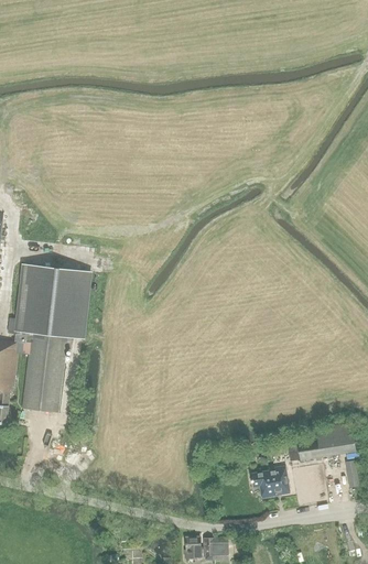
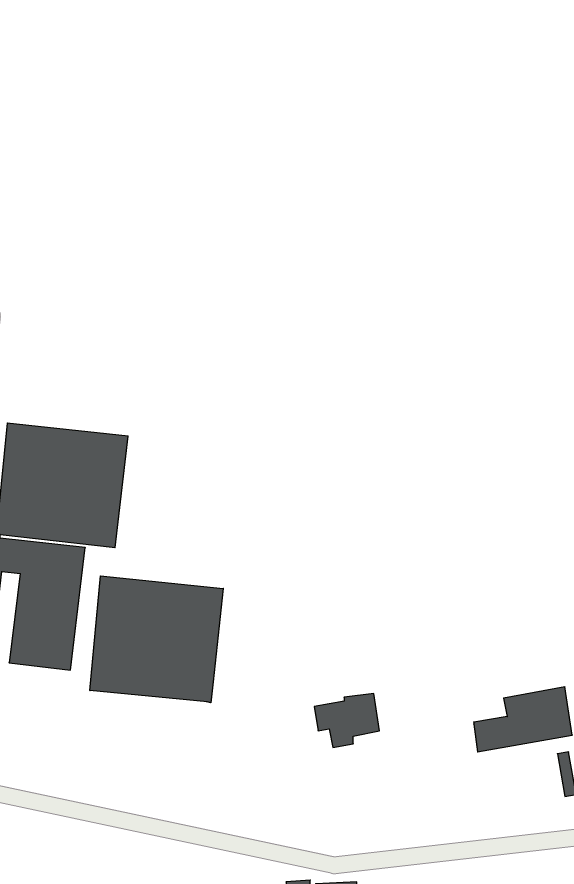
building: none -> [90,576,223,703]
building: [250,465,289,497] -> [314,694,379,747]

